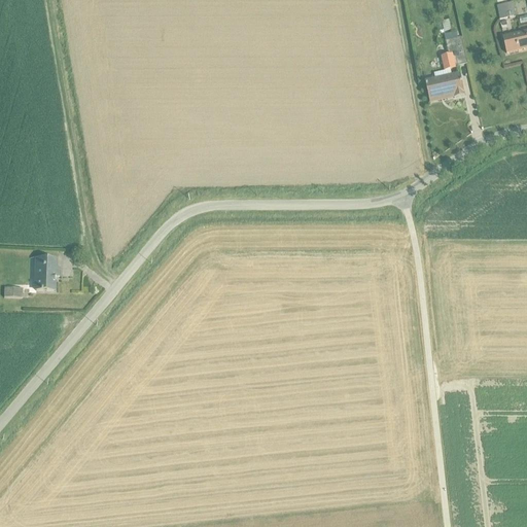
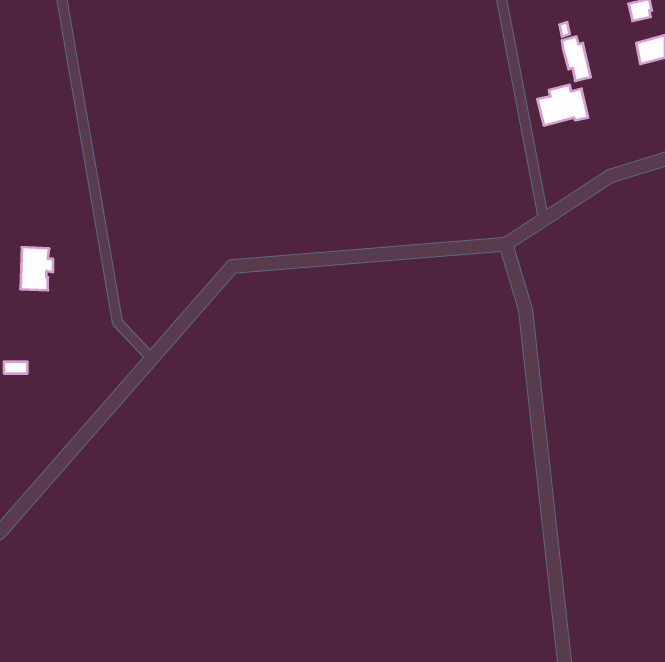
building: [33,254,59,288] -> [20,247,53,290]

